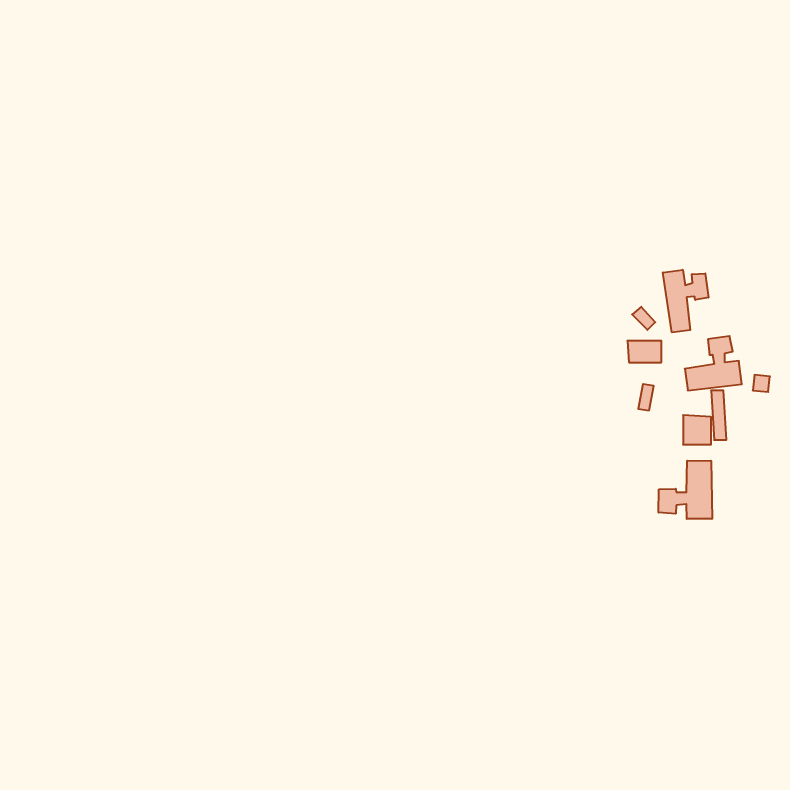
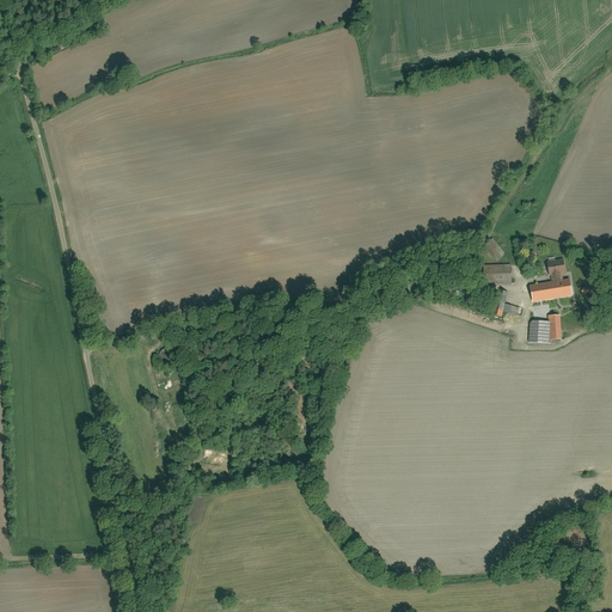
building: [663,270,708,332] -> none
building: [659,461,712,519] -> none

